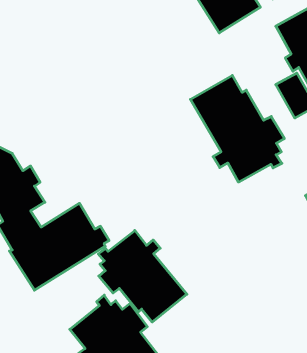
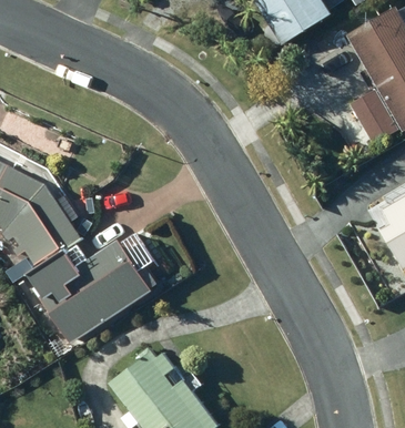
building: [190,75,284,182] -> none
building: [98,230,187,322] -> none

